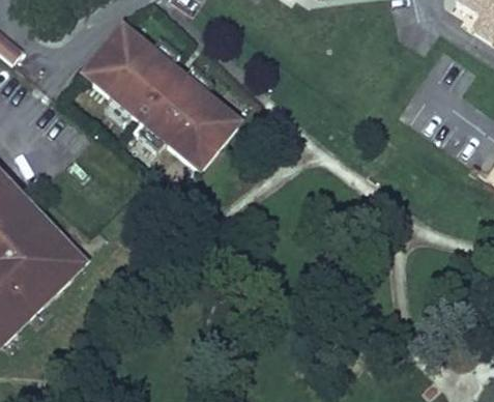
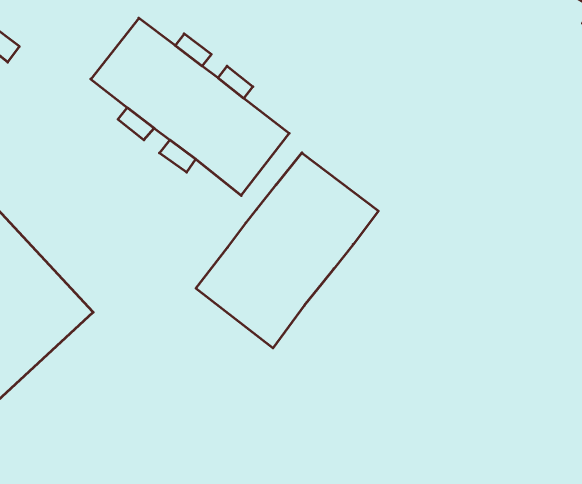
building: none -> [196,153,378,348]

